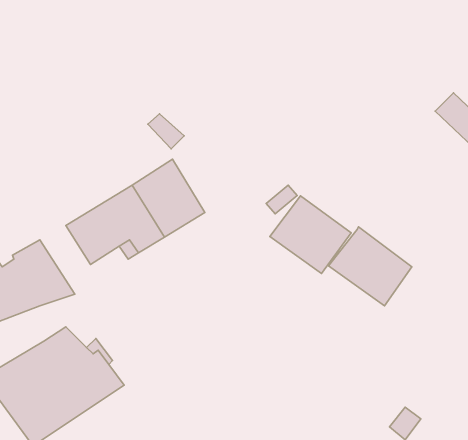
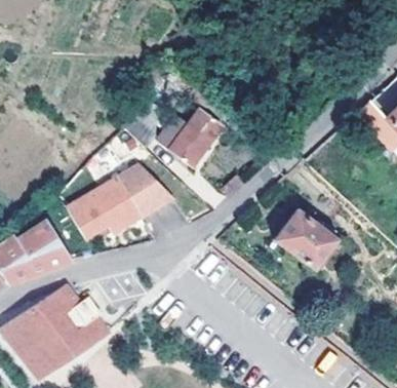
building: none -> [159,107,221,162]
building: [270,196,351,274] -> none

